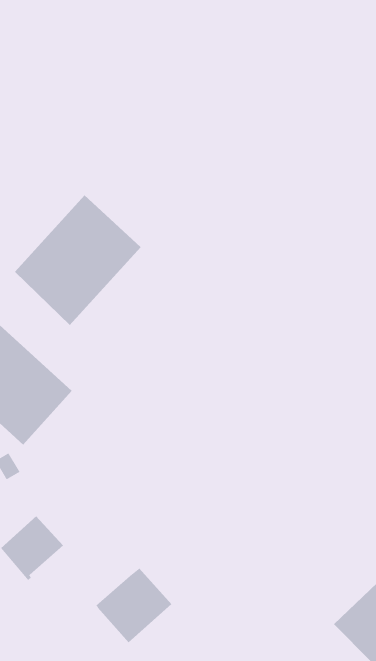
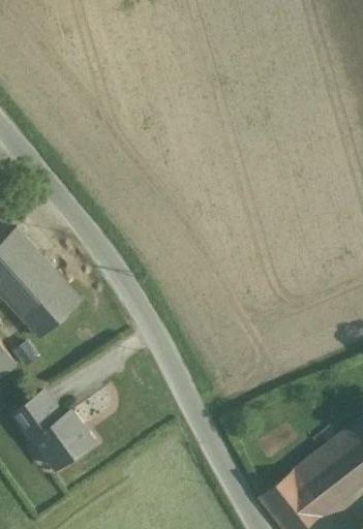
building: [14,195,142,326] -> none
building: [96,568,172,643] -> [35,411,93,467]

